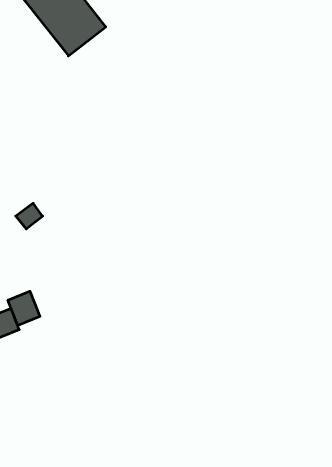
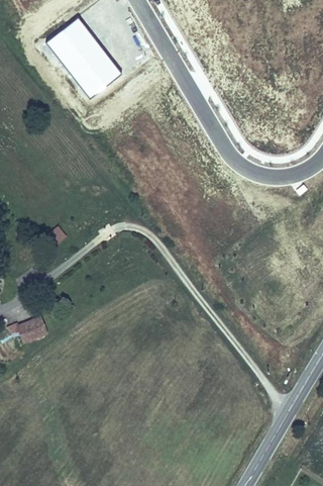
building: [8,291,40,325] -> none

